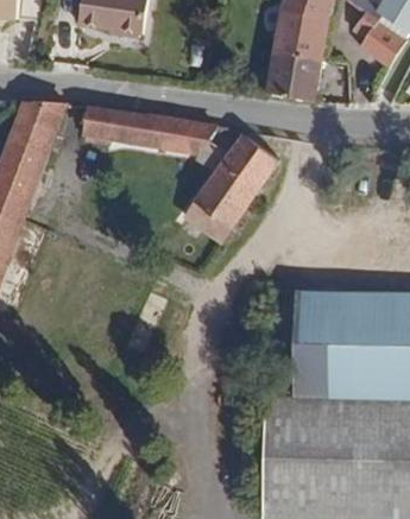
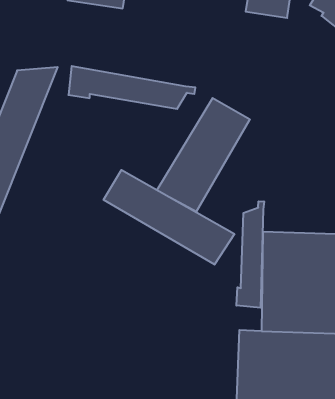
building: [269,42,322,96] -> none
building: none -> [104,170,234,265]
building: none -> [236,201,264,308]

